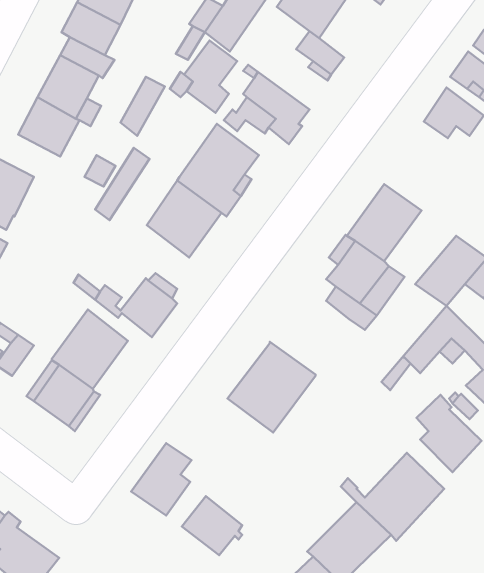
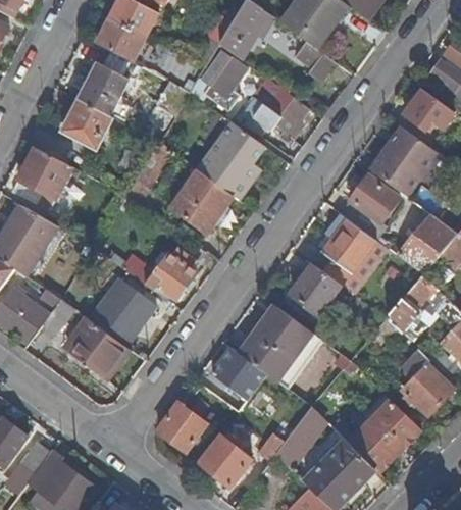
building: none -> [369,128,436,196]
building: none -> [292,265,341,315]
building: none -> [210,348,265,410]
building: none -> [275,406,326,468]

